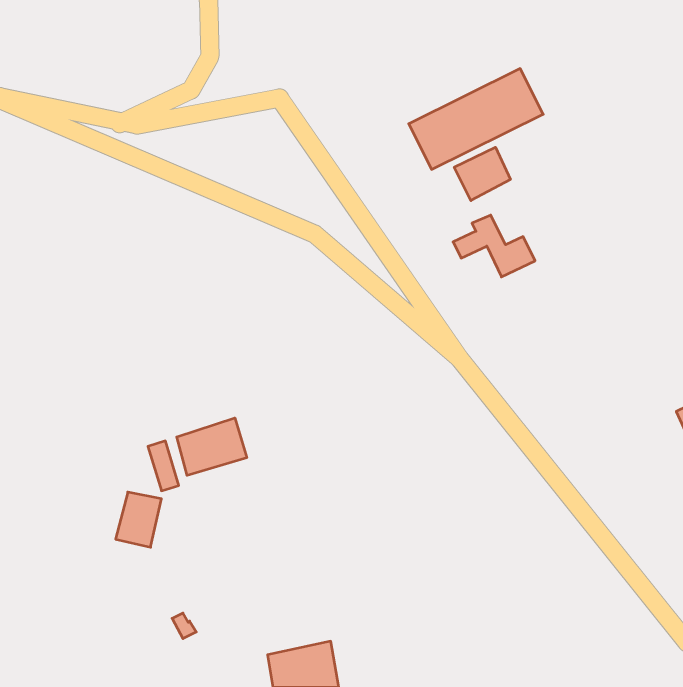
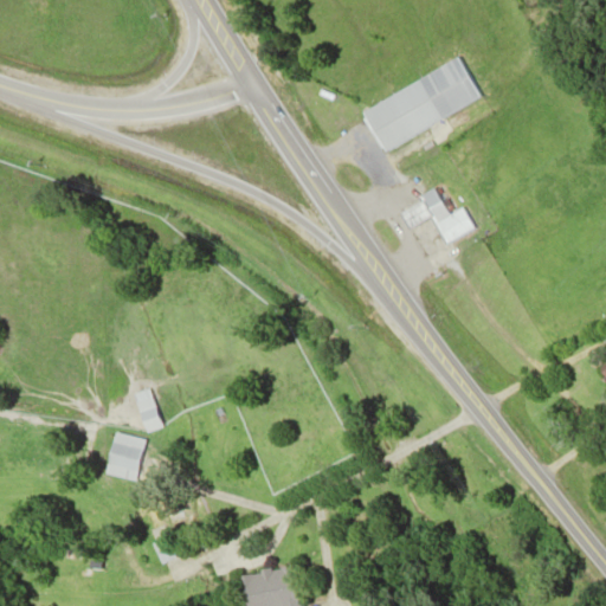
building: [454,147,510,201] -> none
building: [177,418,247,475] -> none

